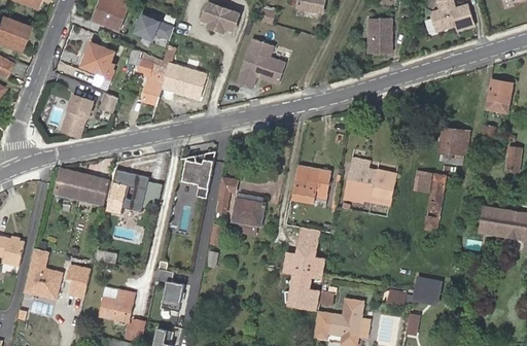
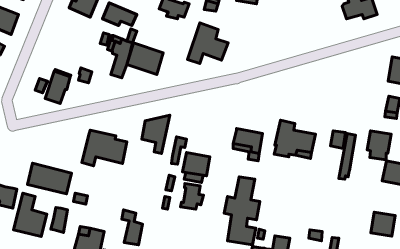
building: [367,18,391,53] -> none
building: [80,41,114,75] -> none
building: [438,127,468,163] -> [367,131,391,160]
building: [55,167,109,205] -> [27,163,71,194]
building: none -> [181,184,204,209]
building: [414,273,444,303] -> [371,212,395,236]

